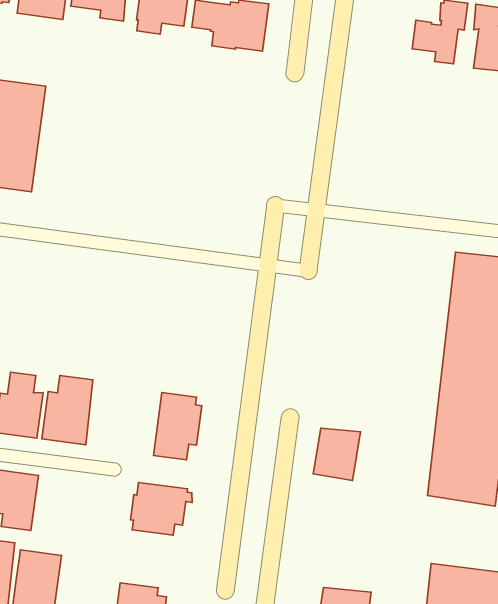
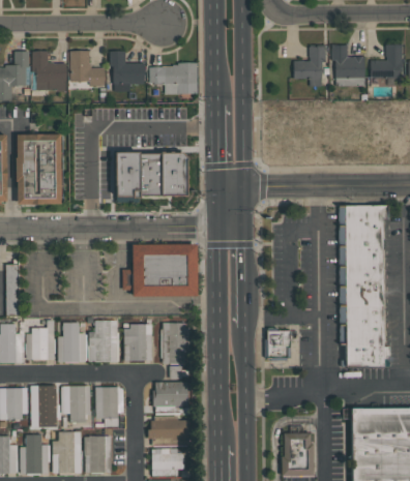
building: none -> [115,151,188,199]
building: none -> [123,244,197,296]
building: none -> [124,324,152,360]
building: none -> [95,387,123,426]
building: none -> [148,415,189,445]

